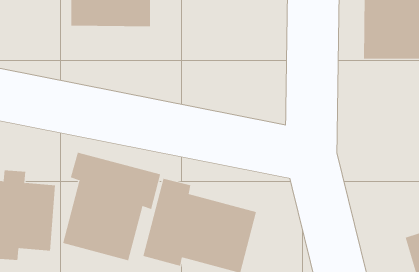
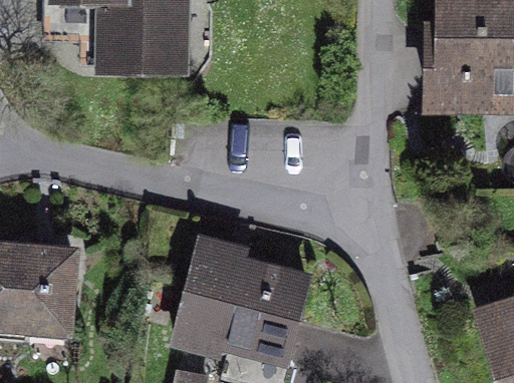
building: [62,152,161,261] -> none

